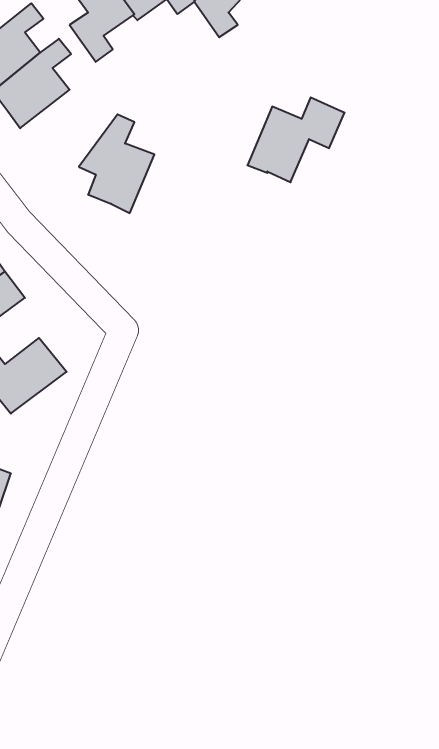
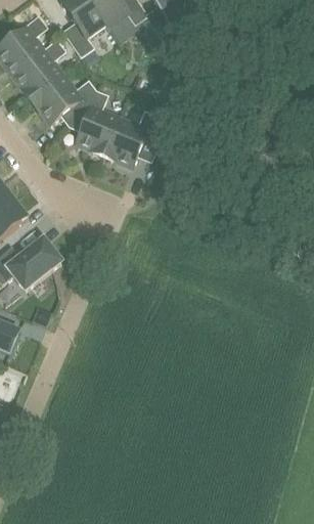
building: none -> [30,75,94,126]
building: [247,97,345,182] -> [102,112,167,168]

